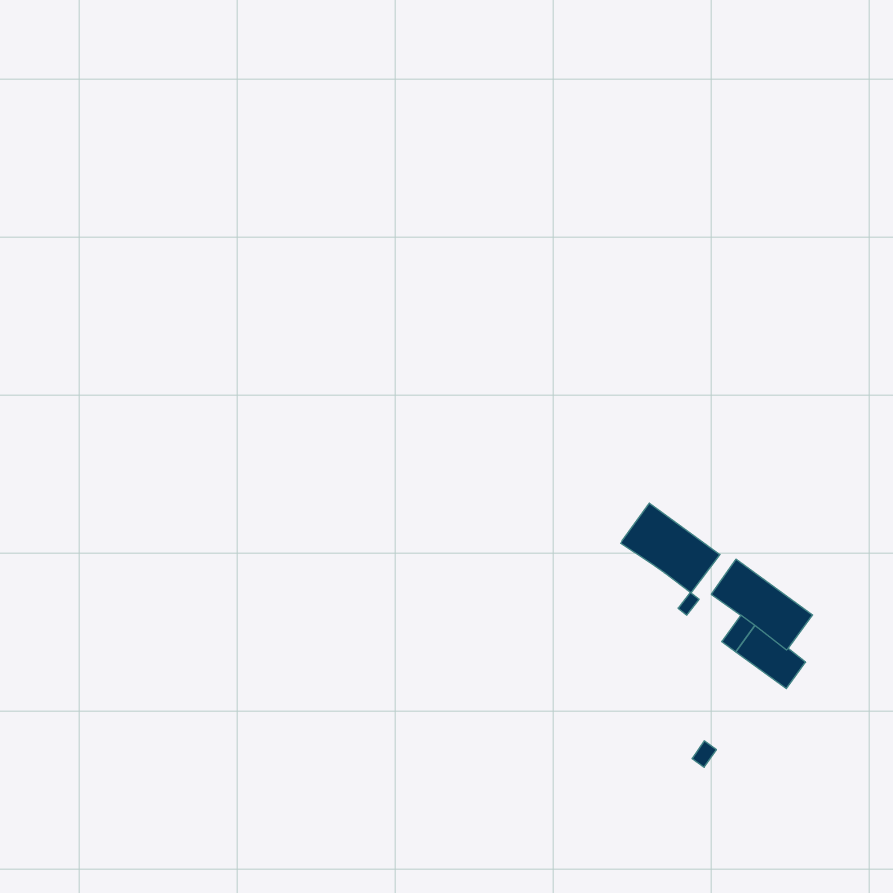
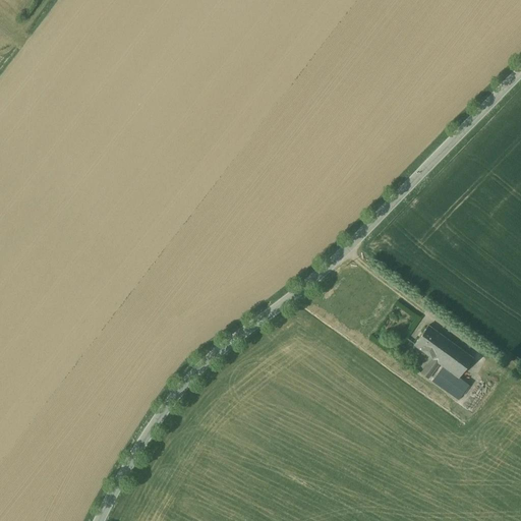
building: [621,503,720,593] -> none

